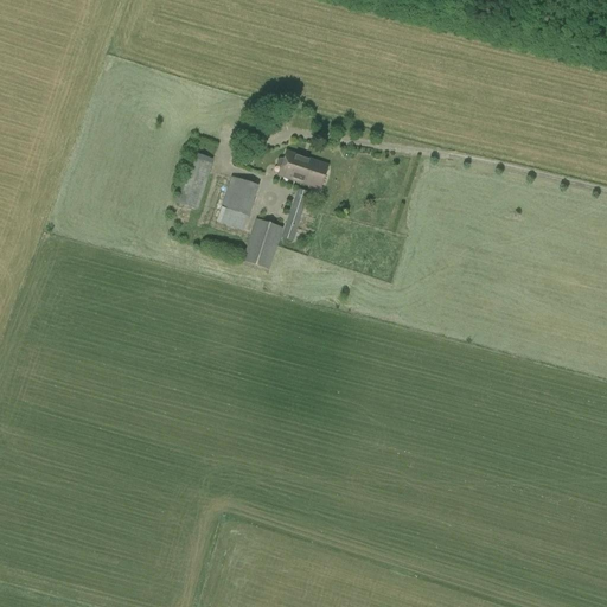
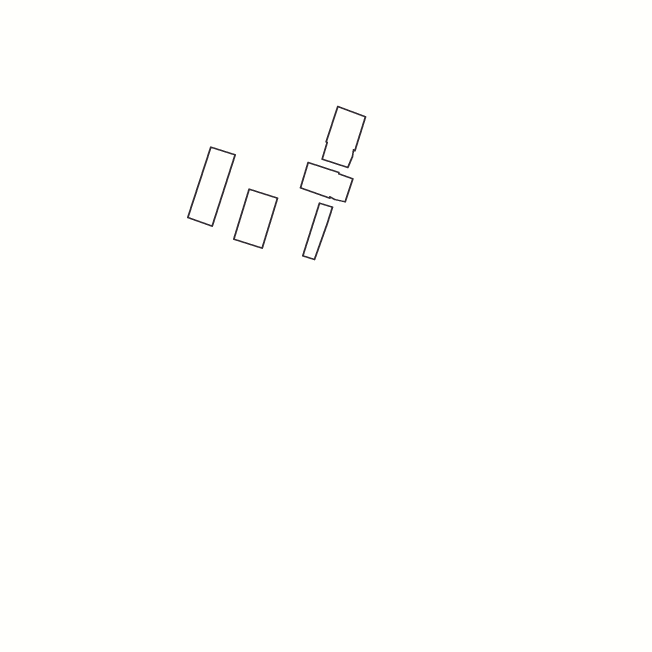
building: none -> [322,107,366,168]
building: [243,218,282,269] -> none

